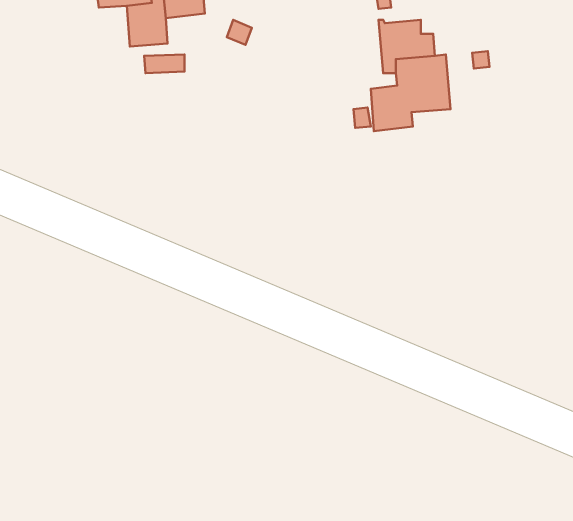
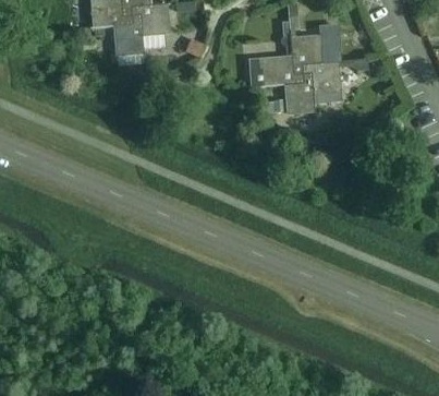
building: none -> [251,35,303,86]

